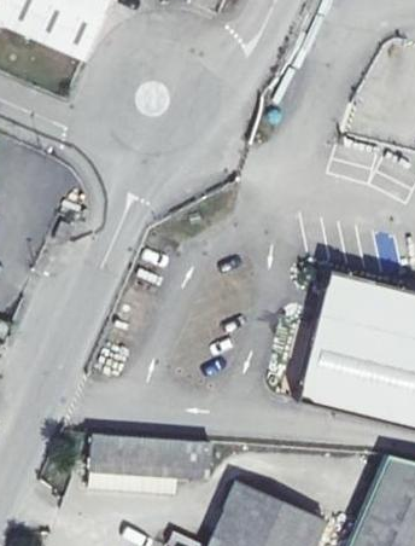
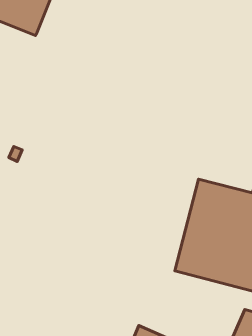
building: [98,434,215,478] -> none

